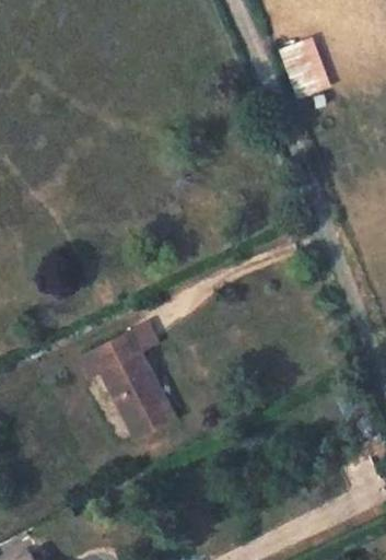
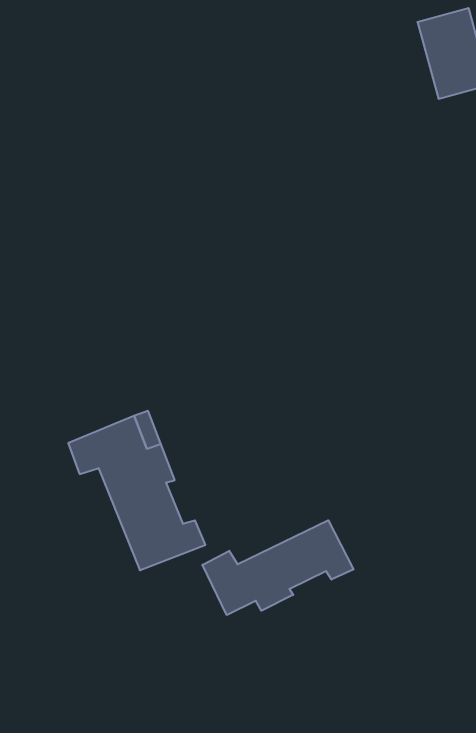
building: none -> [202,520,354,615]

